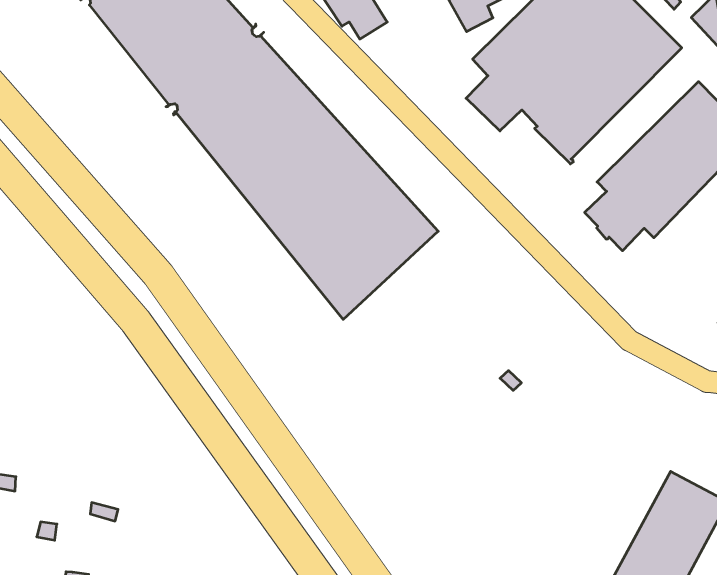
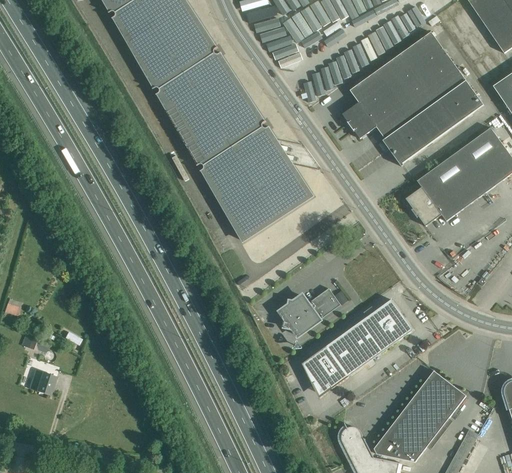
building: none -> [280,288,340,335]
building: none -> [302,299,413,397]

